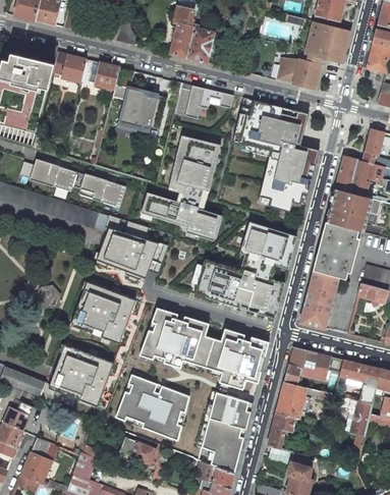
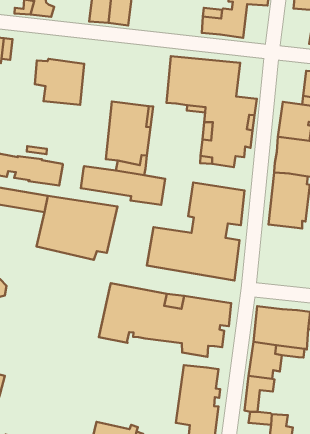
building: [95,62,119,90] -> none
building: [174,83,234,118] -> none
building: [300,271,339,329] -> none
building: [73,283,136,343] -> none
building: [50,345,114,405] -> none
building: [117,374,189,441] -> none

